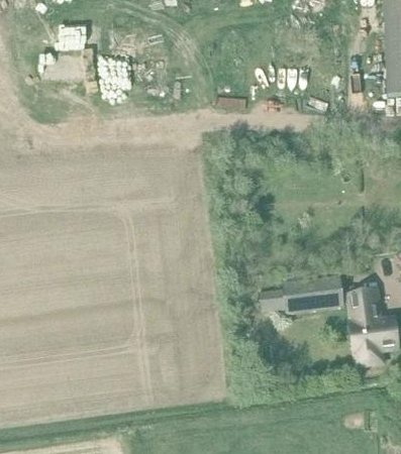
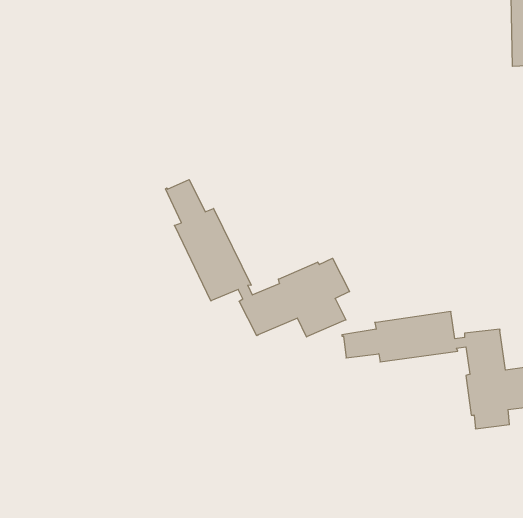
building: none -> [166,180,350,337]

